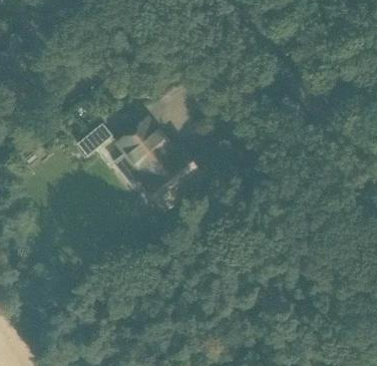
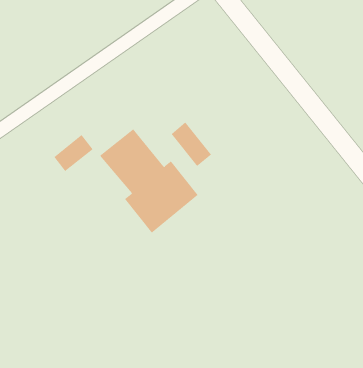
building: none -> [171,122,212,167]

